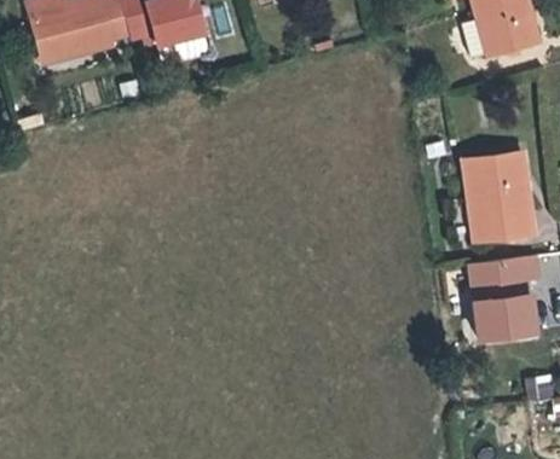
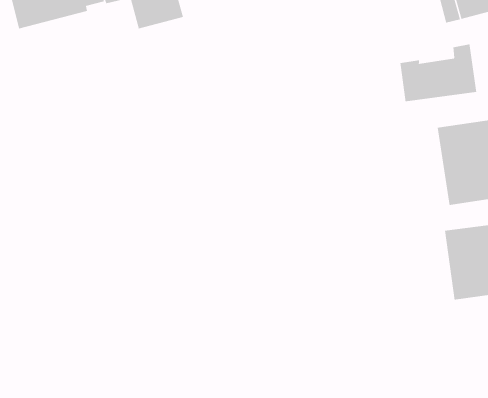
building: none -> [400,44,477,102]

